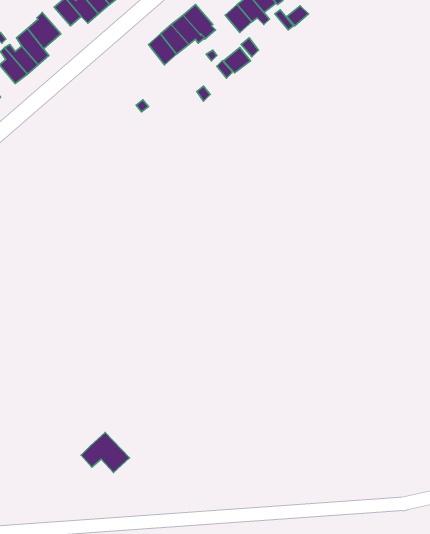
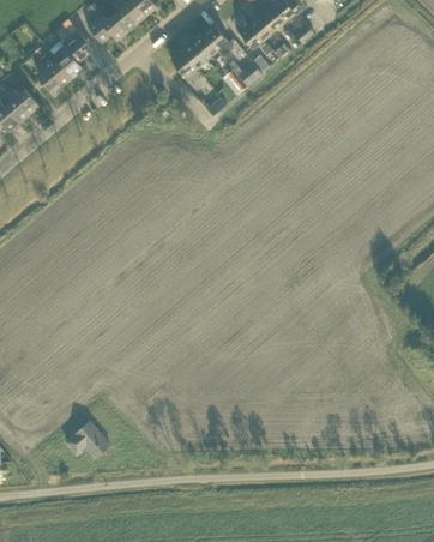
building: [81,432,129,473] -> [64,420,107,456]

